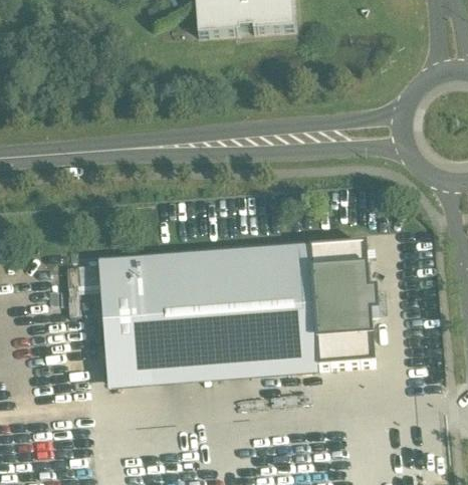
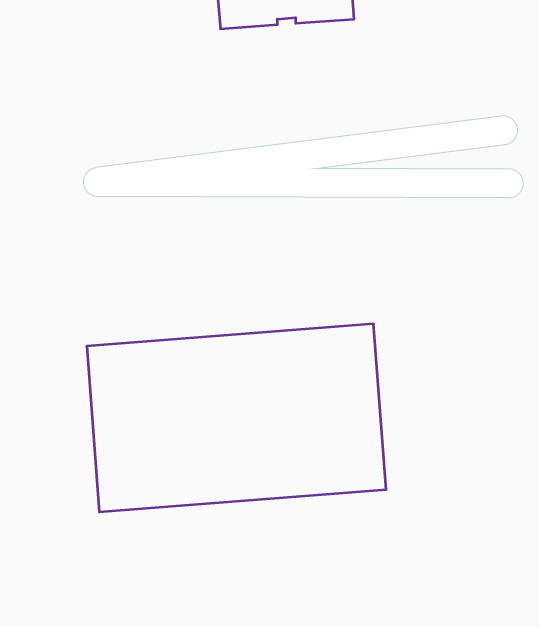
building: [305,240,376,363] -> none

